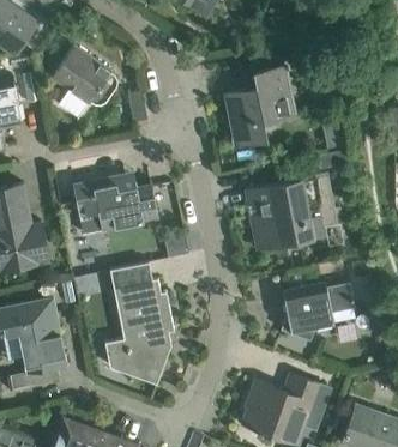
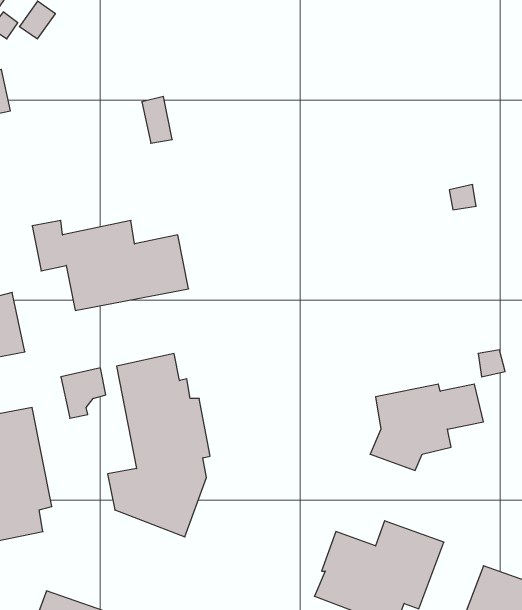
building: [50,46,119,104] -> none
building: [225,67,294,144] -> none
building: [245,173,337,250] -> none

